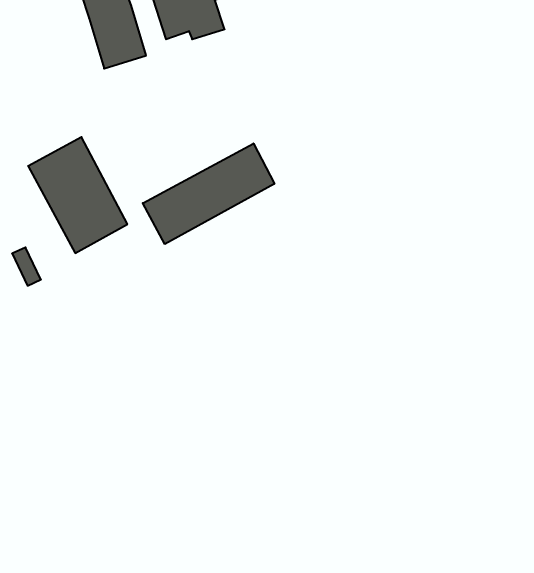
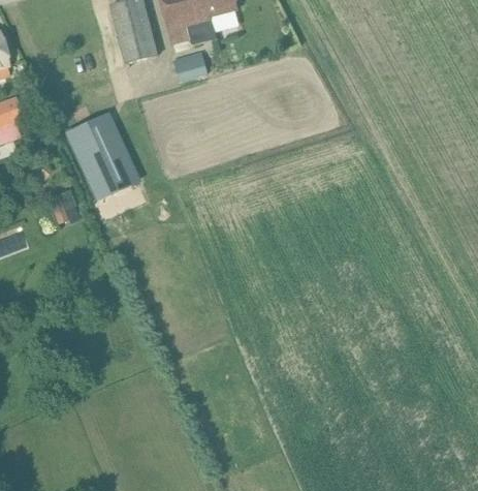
building: none -> [173,51,208,80]
building: [143,143,274,244] -> none

